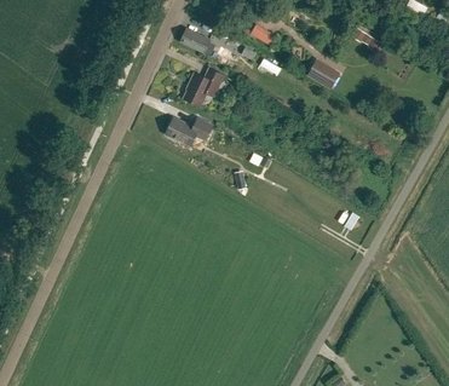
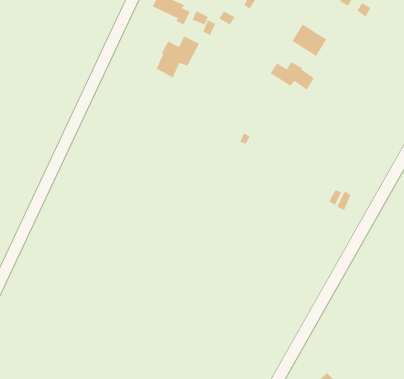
building: none -> [270,61,315,90]
building: [166,117,213,145] -> none

